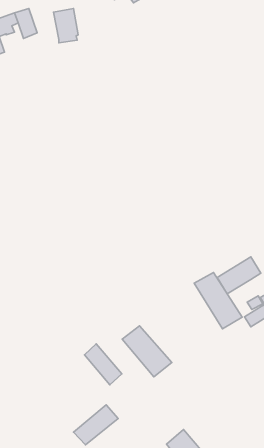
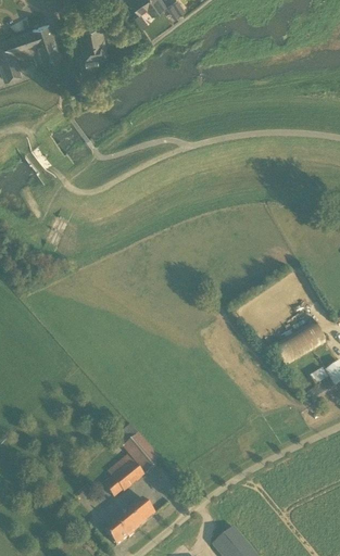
building: [194,273,242,329] -> none
building: [122,326,172,377] -> none
building: none -> [102,453,144,495]

